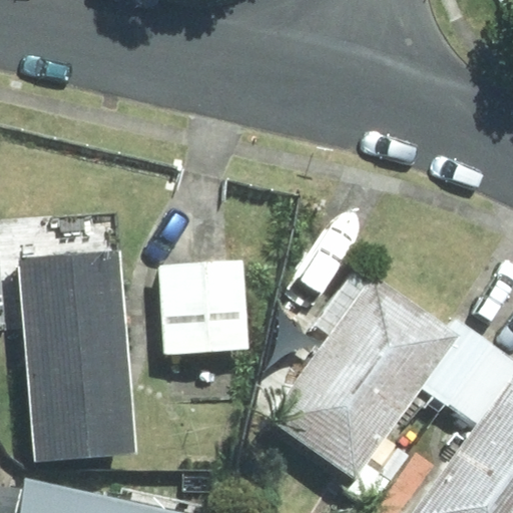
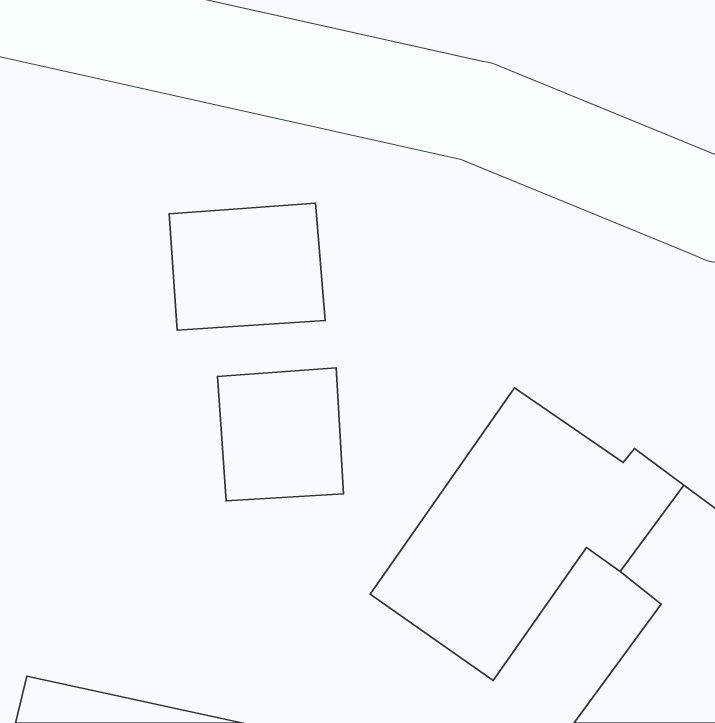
building: none -> [169,203,325,330]
building: [19,250,134,461] -> none

